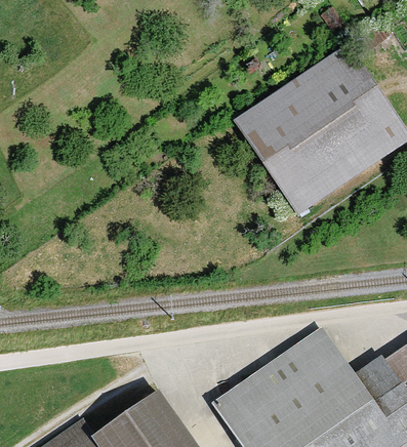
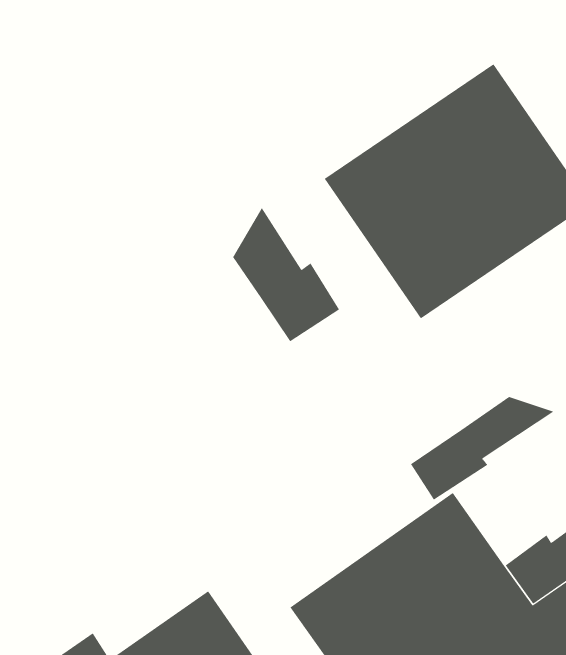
building: none -> [232,207,340,342]
building: none -> [410,396,555,501]

